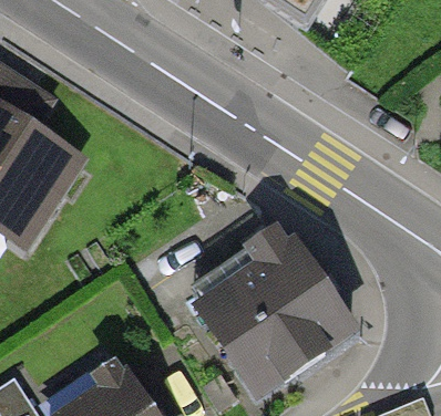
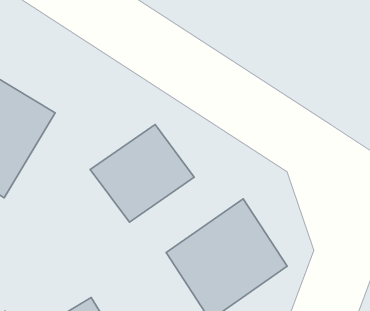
building: none -> [90,124,194,222]

